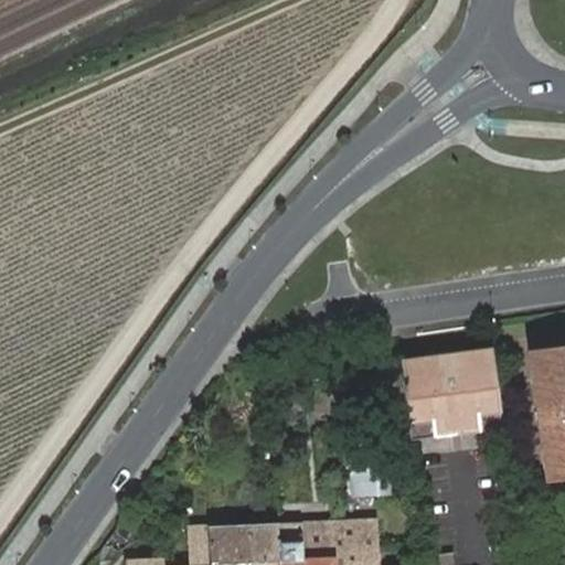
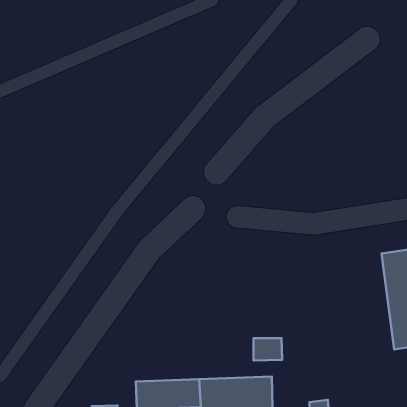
building: [401,348,499,433] -> none

